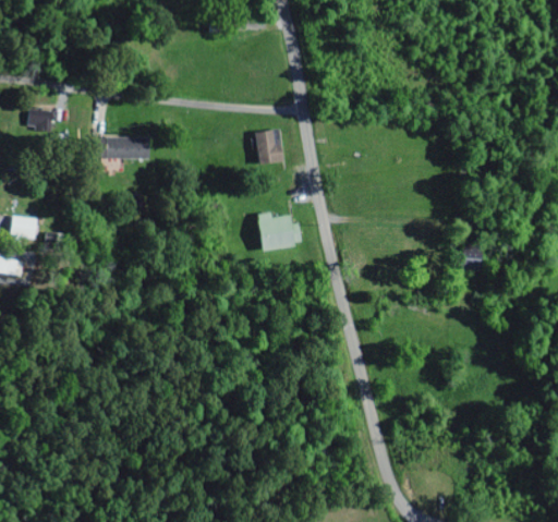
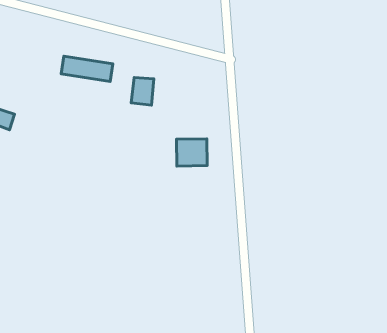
building: [34,107,60,126] -> none
building: [253,129,280,163] -> [131,77,154,105]

